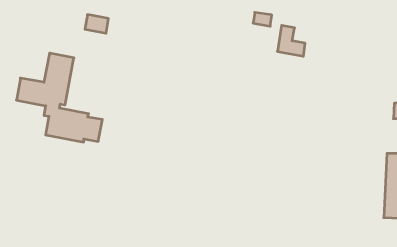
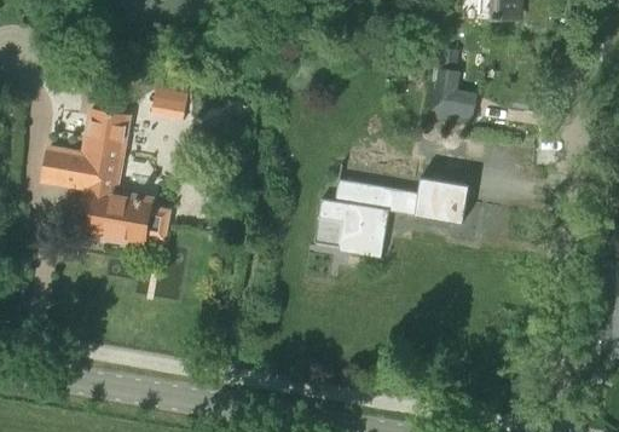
building: [85,15,108,33] -> [151,92,186,120]
building: none -> [319,178,469,257]

